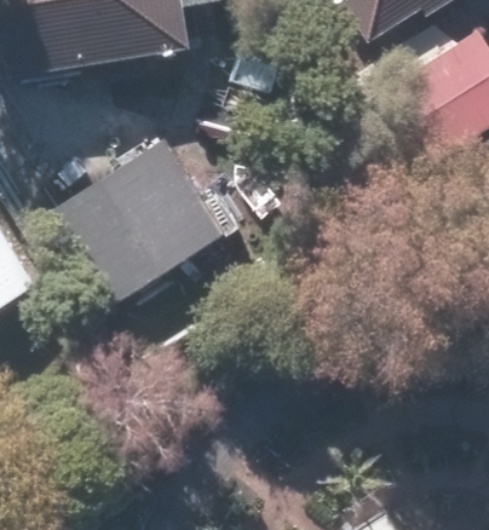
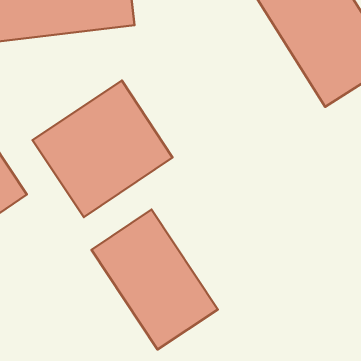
building: none -> [92,209,218,350]

